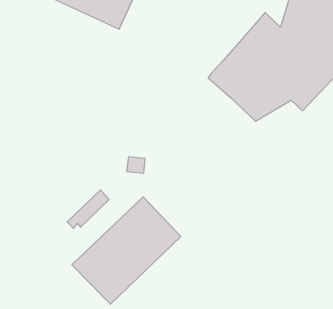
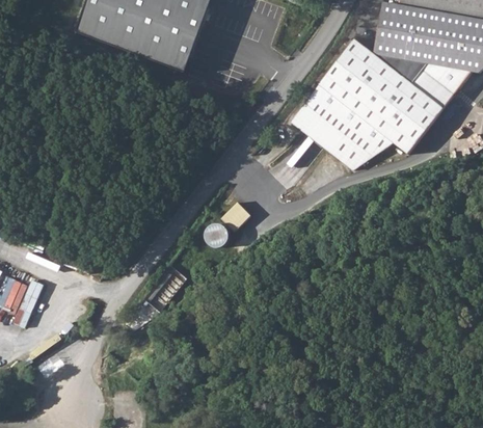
building: none -> [223,200,252,230]
building: [72,197,181,304] -> none

